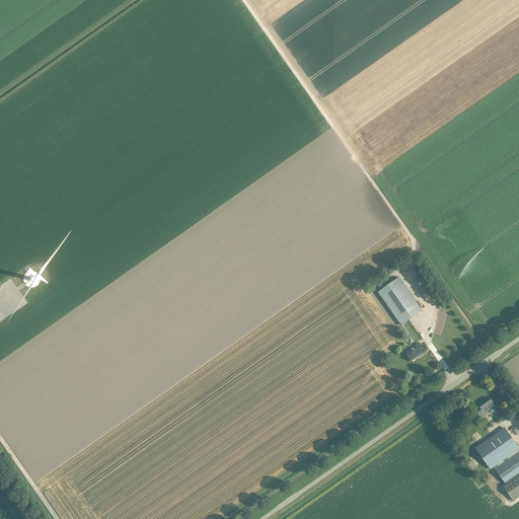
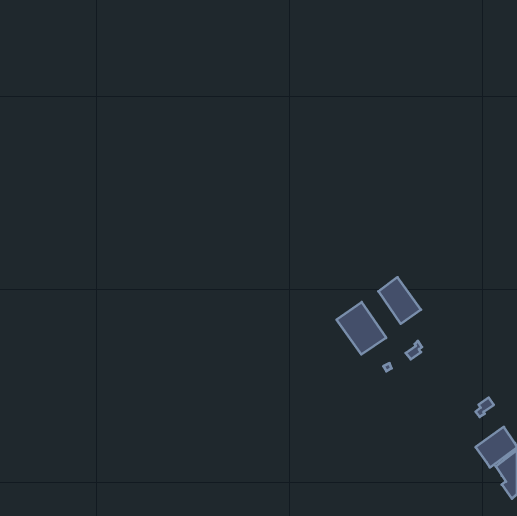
building: none -> [337,302,386,354]

